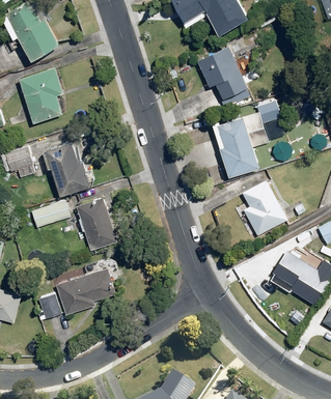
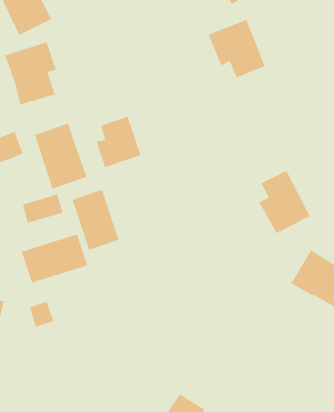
building: [212,101,284,178] -> none
building: none -> [96,116,141,168]
building: [58,267,117,311] -> [21,234,88,283]

